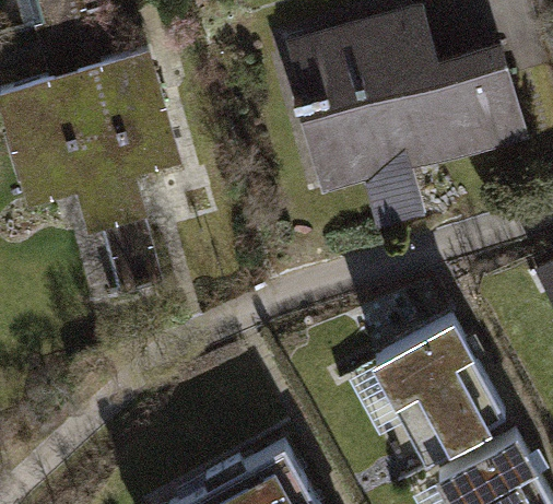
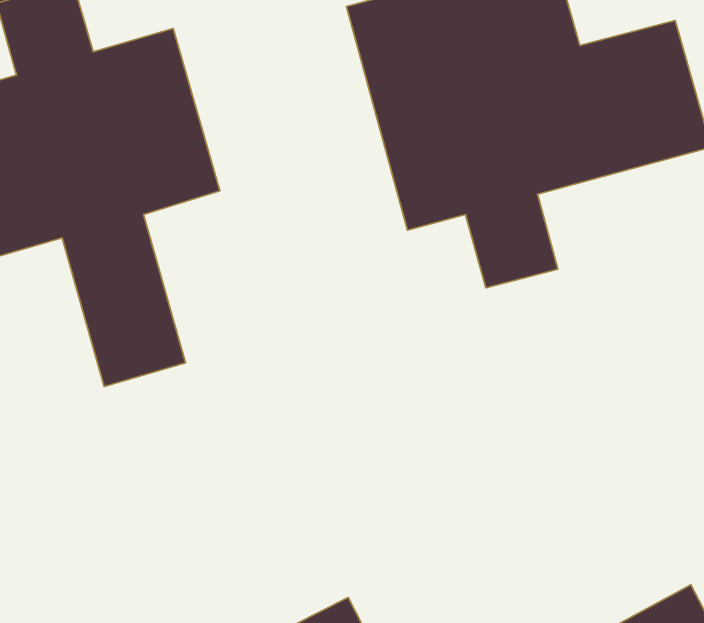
building: [343,323,502,459] -> none

